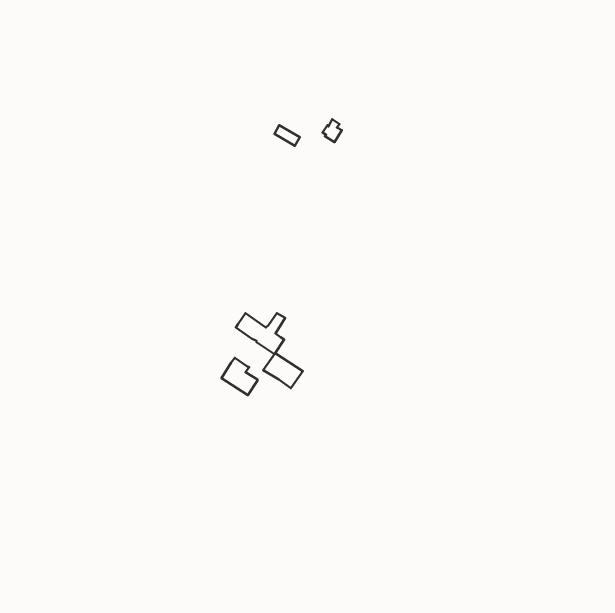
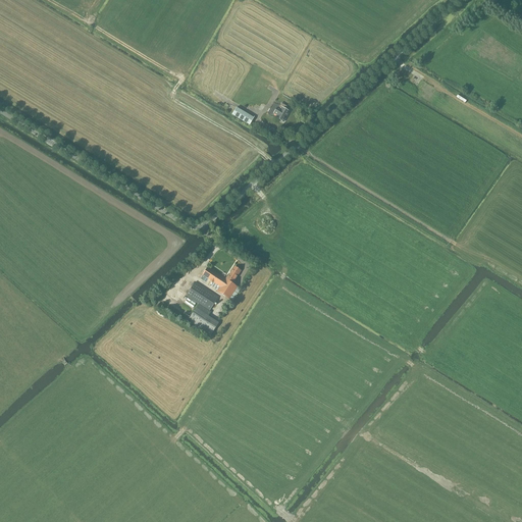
building: [263,353,303,388] -> [186,280,219,310]

